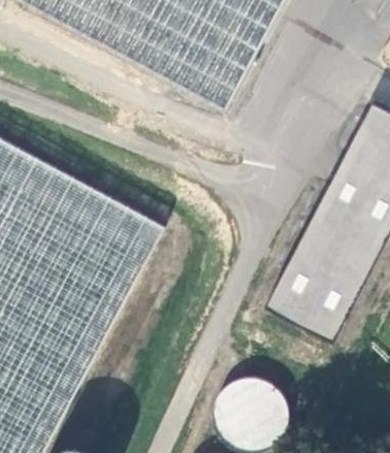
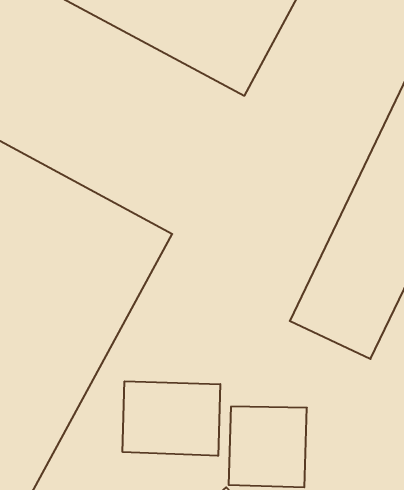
building: none -> [123,381,220,456]

